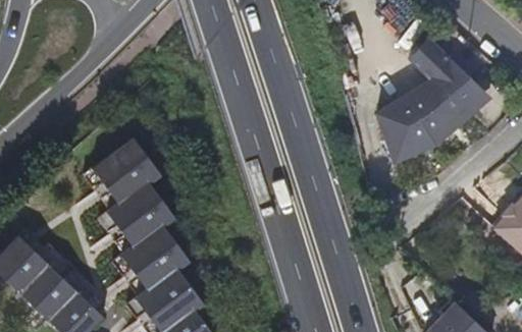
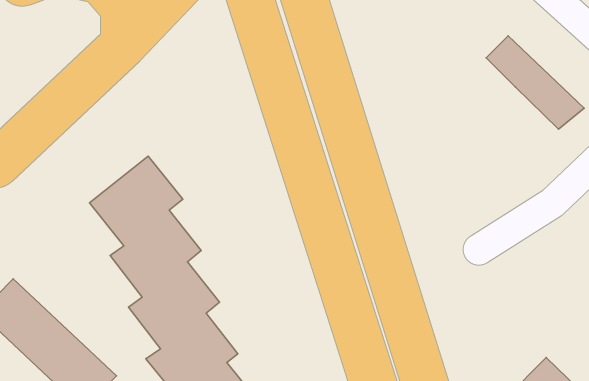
building: [380,79,471,164] -> none

